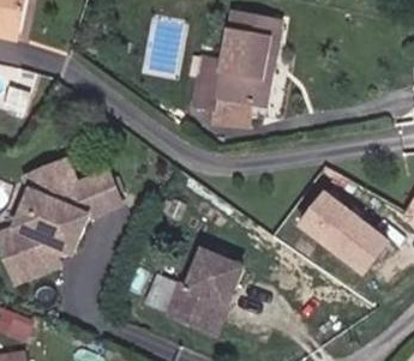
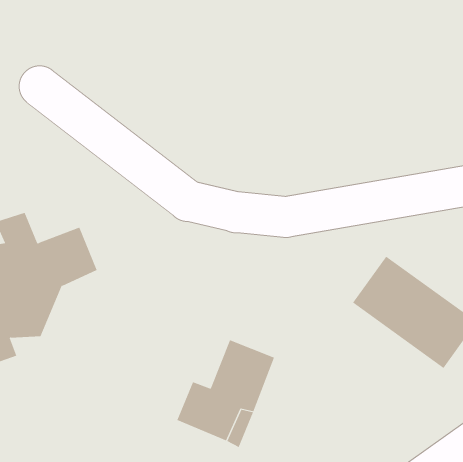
building: [192,13,280,114] -> none

